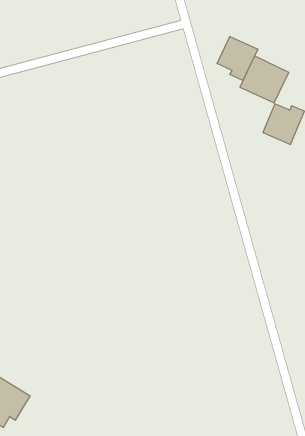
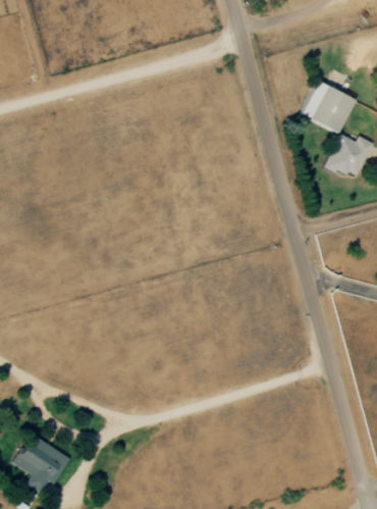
building: [217,36,258,81] -> none

